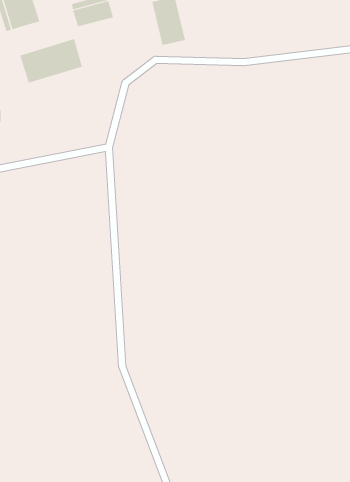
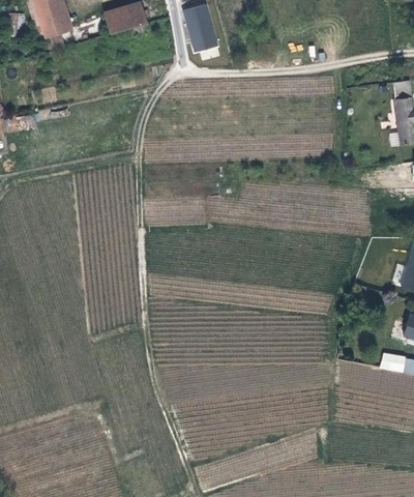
building: [19,38,82,83] -> none

